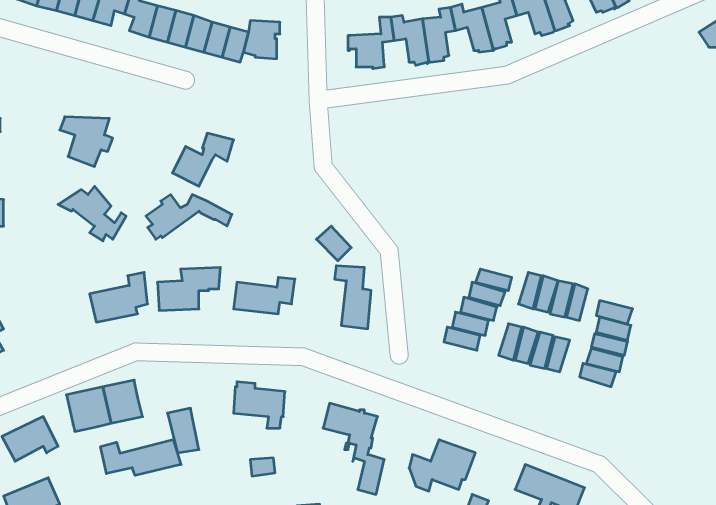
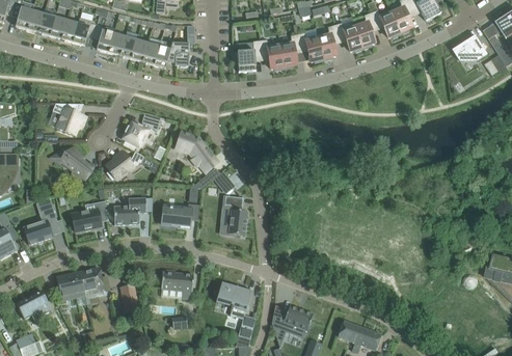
building: none -> [176,130,218,172]
building: none -> [23,207,57,245]
building: [101,439,181,475] -> none

